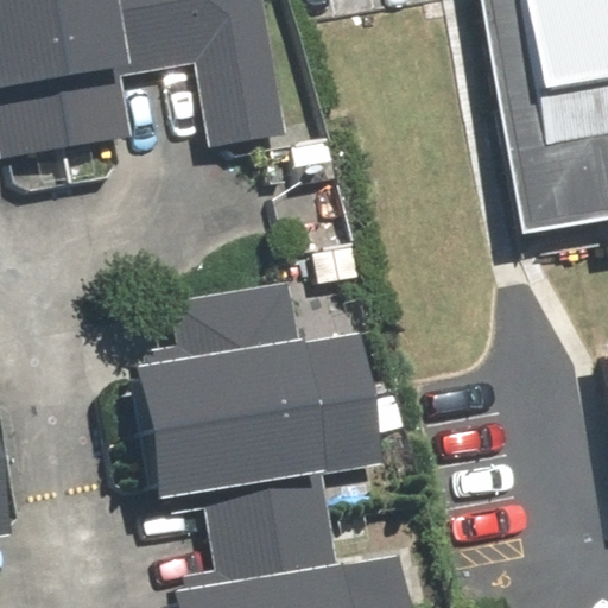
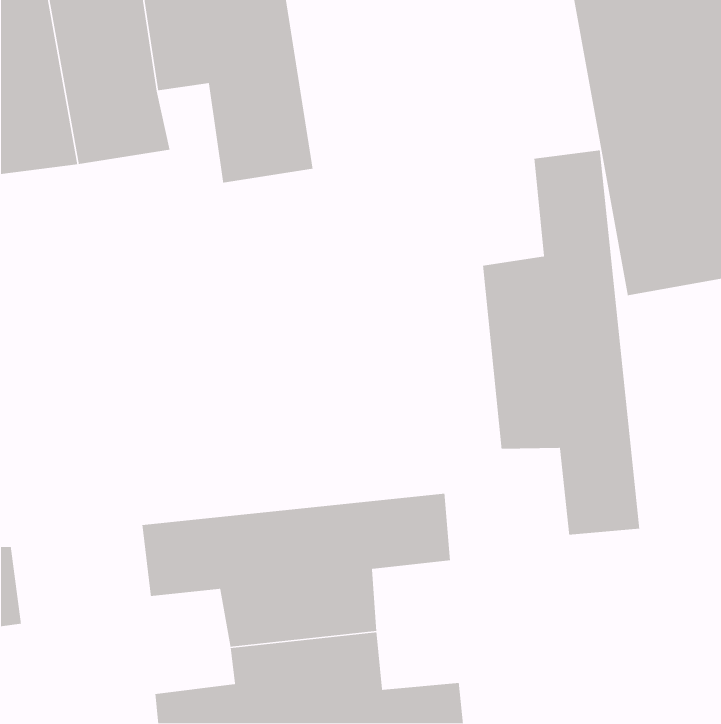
building: none -> [482,149,640,535]
building: [124,286,380,431] -> none

